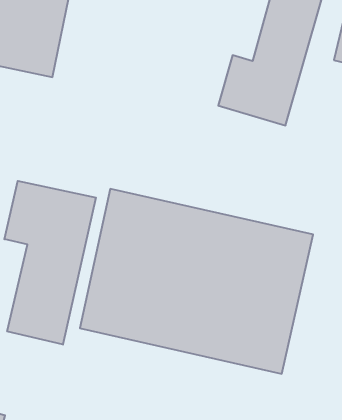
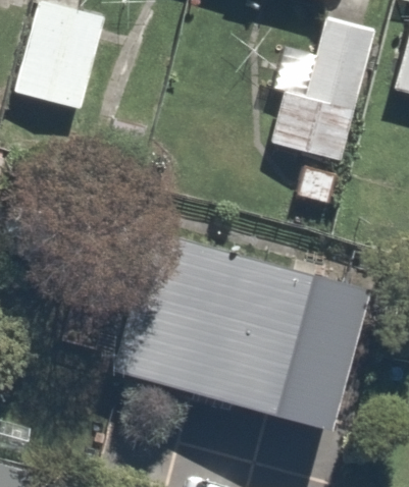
building: [4,181,96,345] -> none

